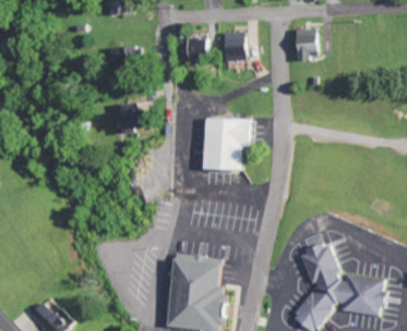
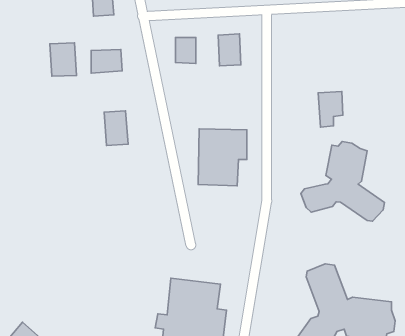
building: [292,28,315,61] -> [318,91,343,127]
building: none -> [50,43,76,76]
building: none -> [301,141,385,221]

